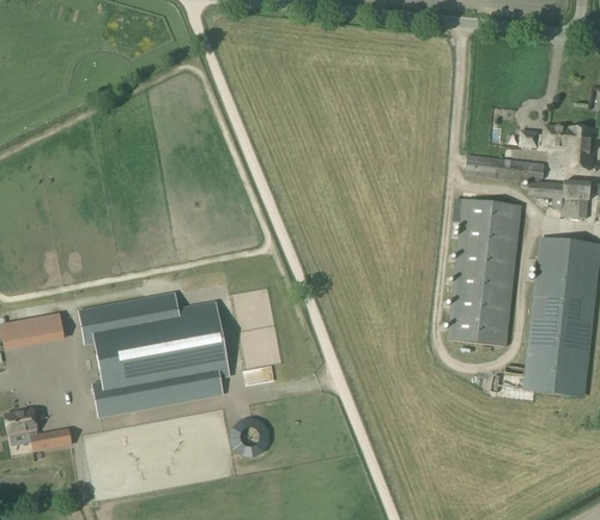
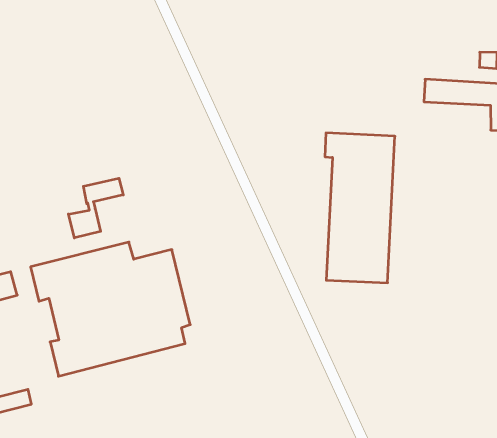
building: [448,199,522,346] -> [325,133,395,283]
building: none -> [68,178,123,238]

